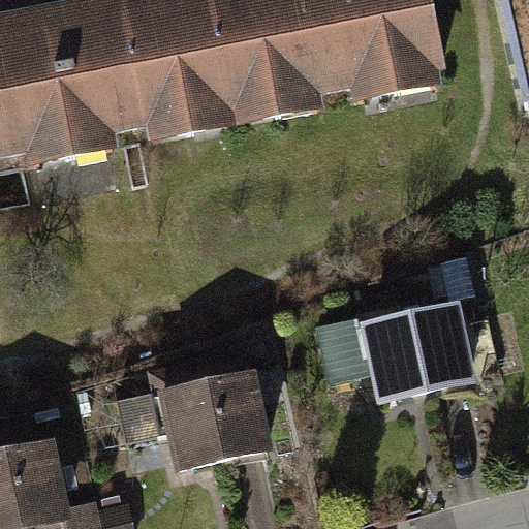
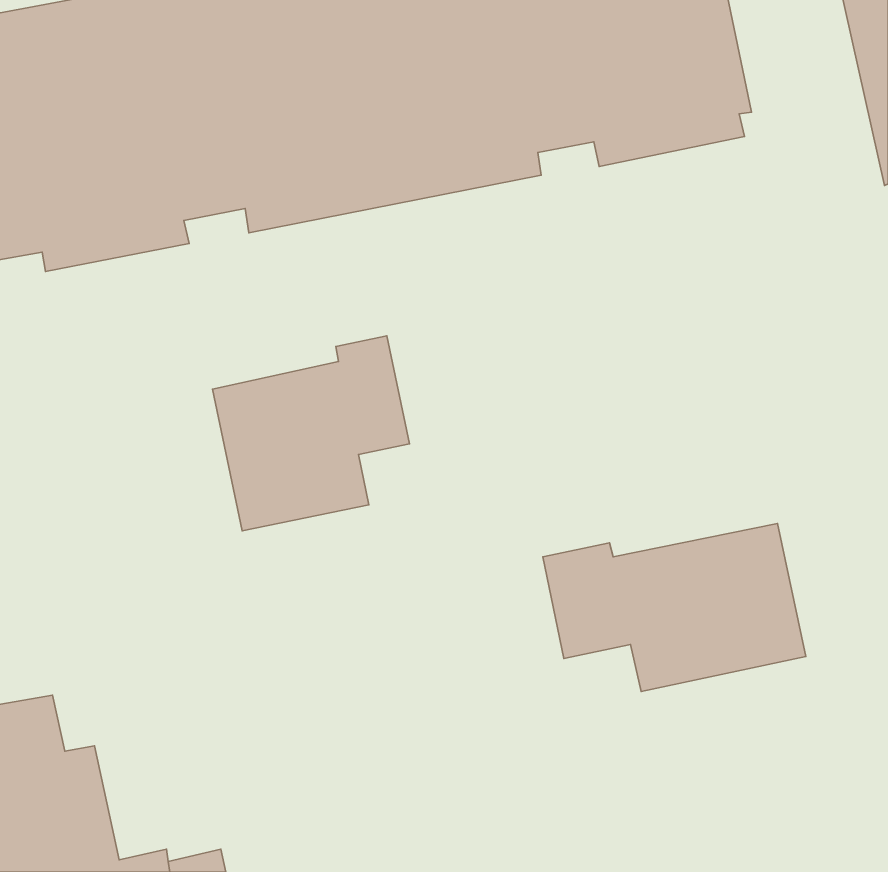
building: none -> [213,336,410,531]
building: [119,375,274,475] -> none

